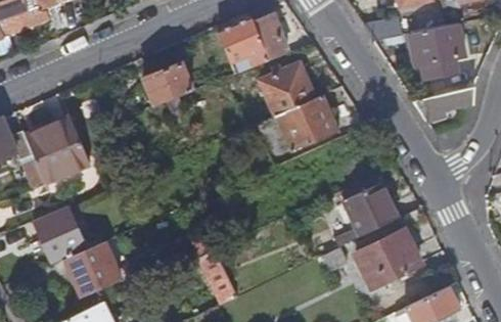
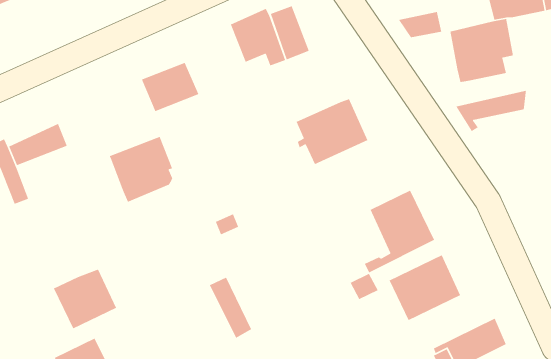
building: [261,62,315,114] -> none
building: [33,136,89,194] -> [109,136,173,203]
building: [33,206,86,264] -> none

